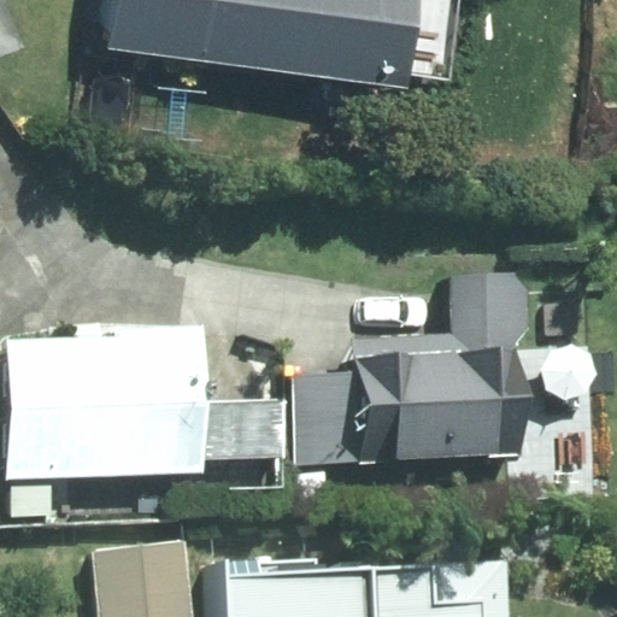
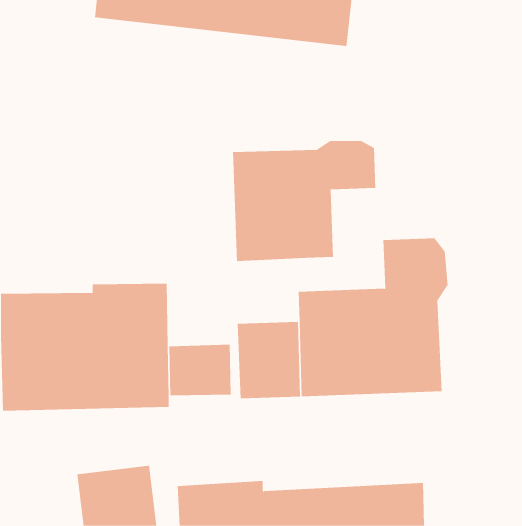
building: none -> [233,140,376,262]

